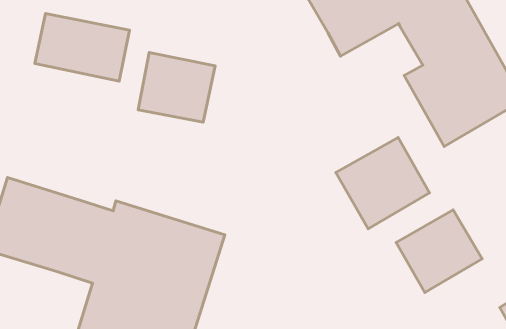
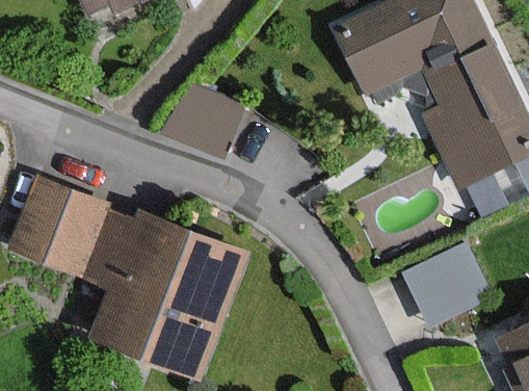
building: [35,13,130,81] -> none
building: [336,137,430,229] -> none

